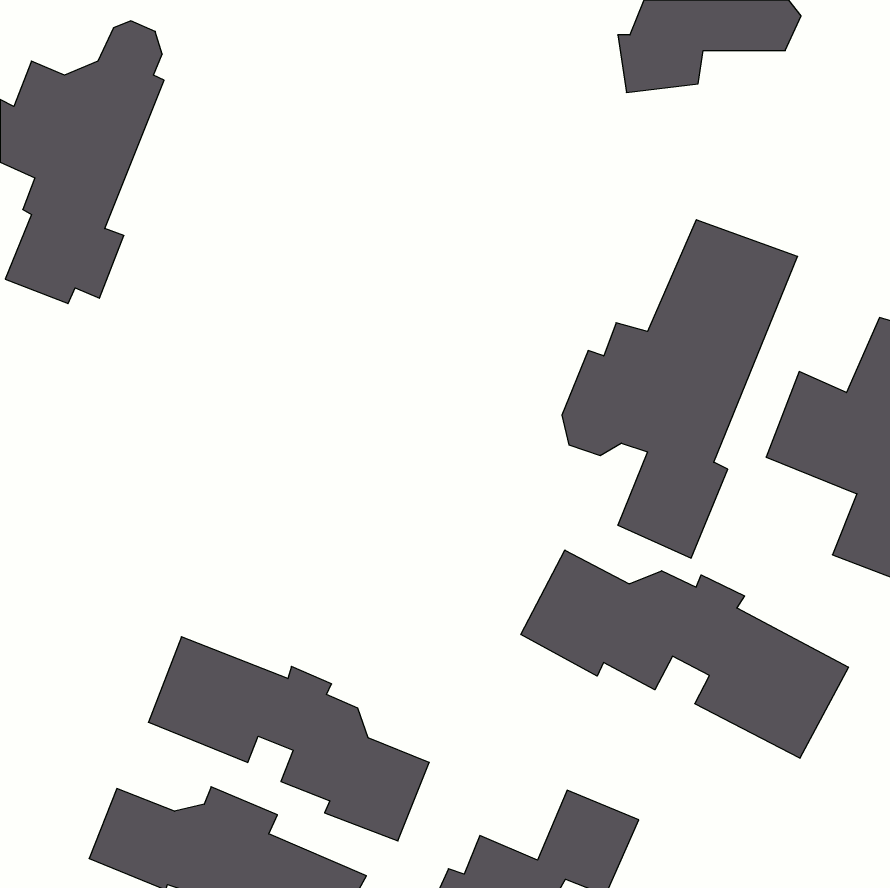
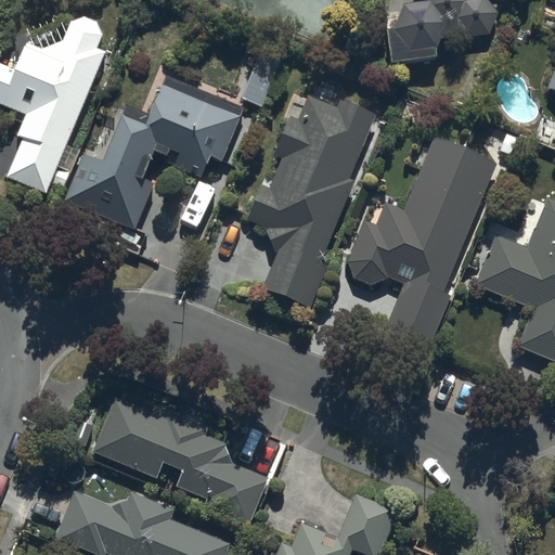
building: none -> [64,73,255,230]
building: none -> [246,94,376,310]
building: [521,550,848,758] -> none

